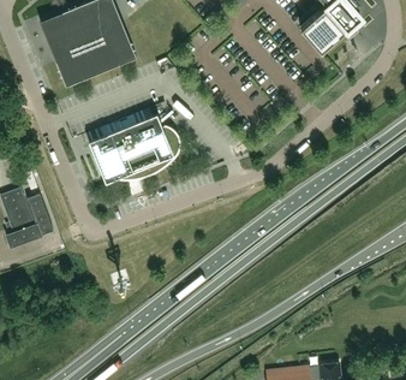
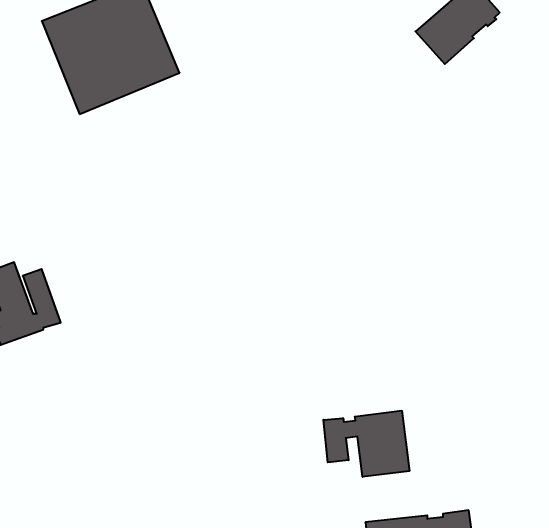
building: [85,108,180,183] -> none
building: none -> [323,411,409,477]

